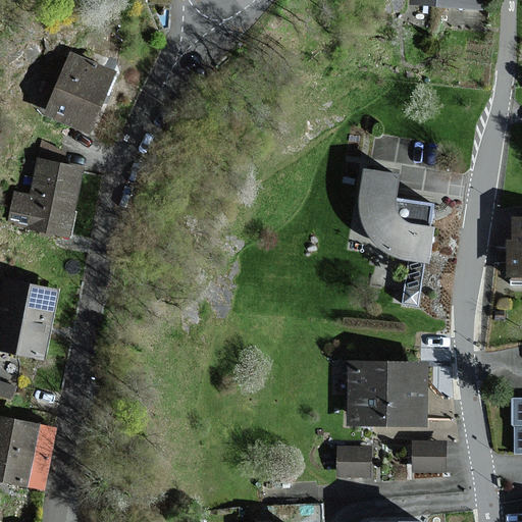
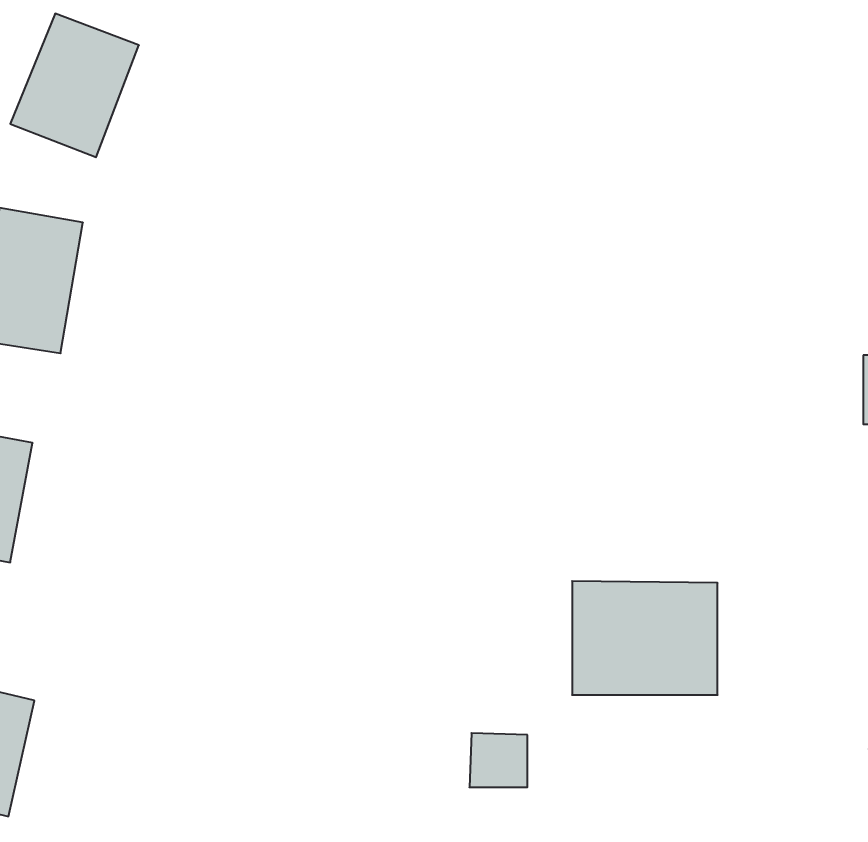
building: [363,168,440,308] -> none
building: [414,442,448,472] -> none
building: [340,448,371,477] -> [469,733,527,787]

